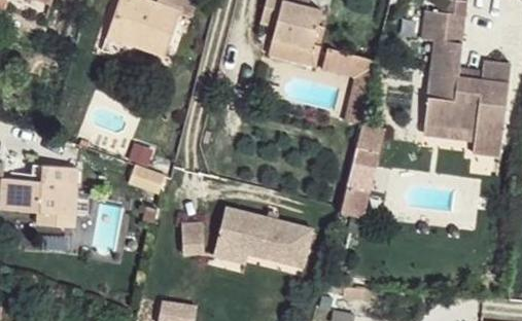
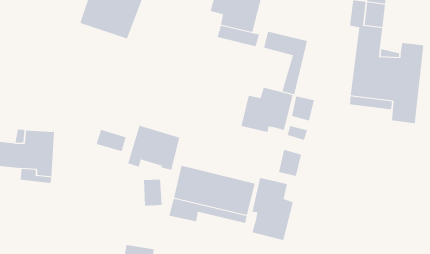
building: none -> [241,87,293,133]
building: none -> [128,125,180,171]
building: none -> [252,177,294,241]

